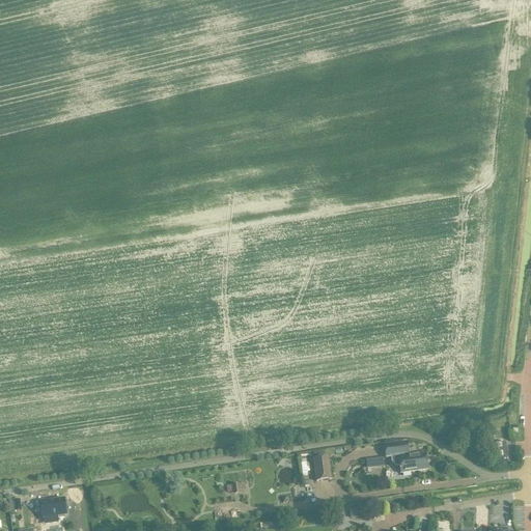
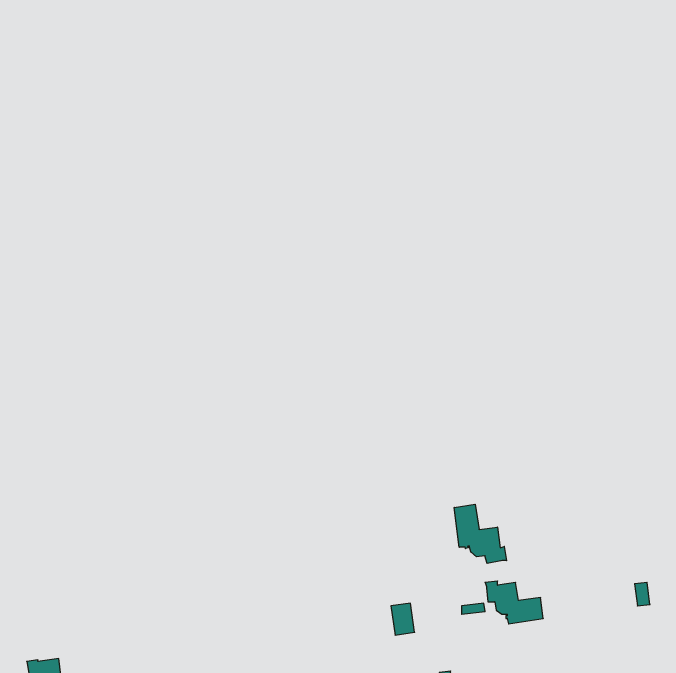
building: none -> [454,504,507,563]

